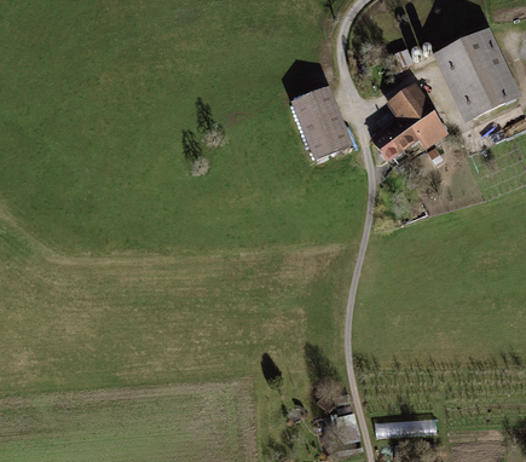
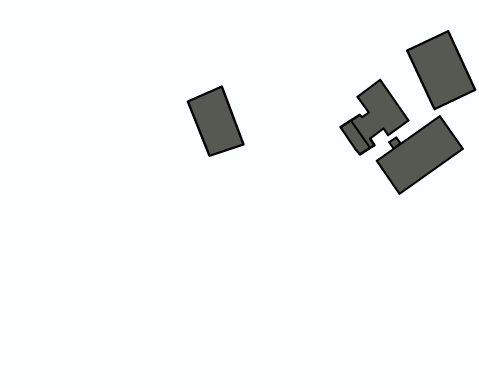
building: [293,87,352,161] -> [188,87,243,156]
building: none -> [377,116,463,194]

